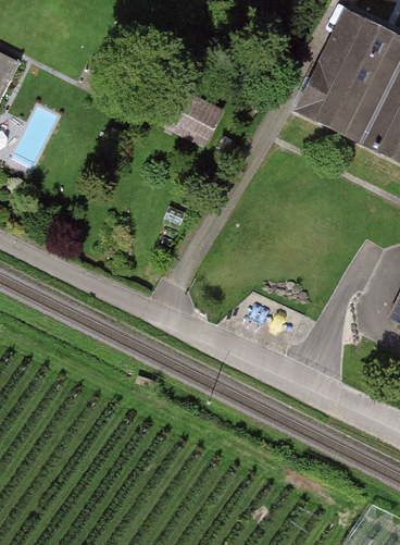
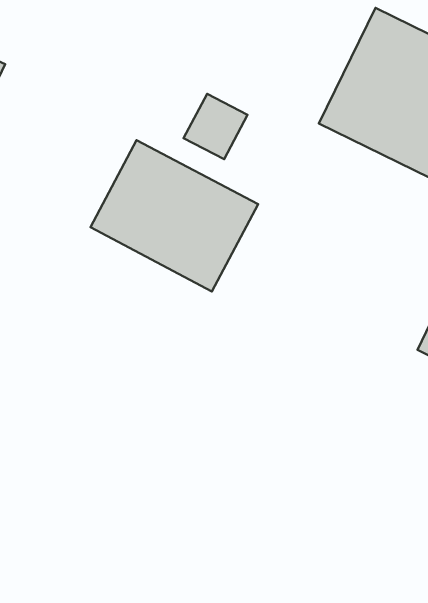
building: none -> [90,140,258,291]

